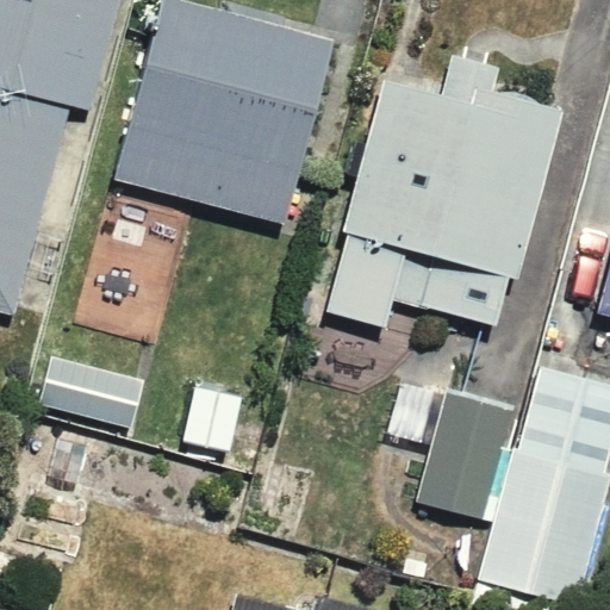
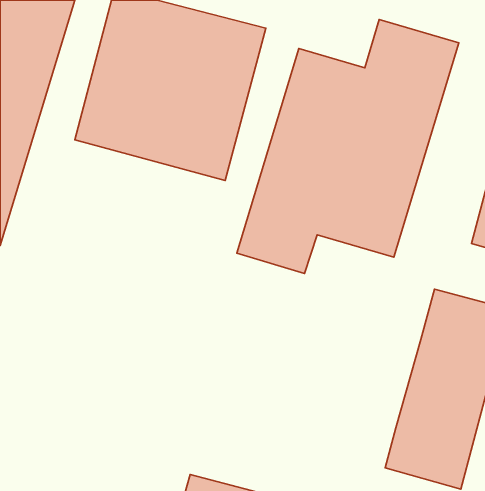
building: [419,400,530,531] -> none

